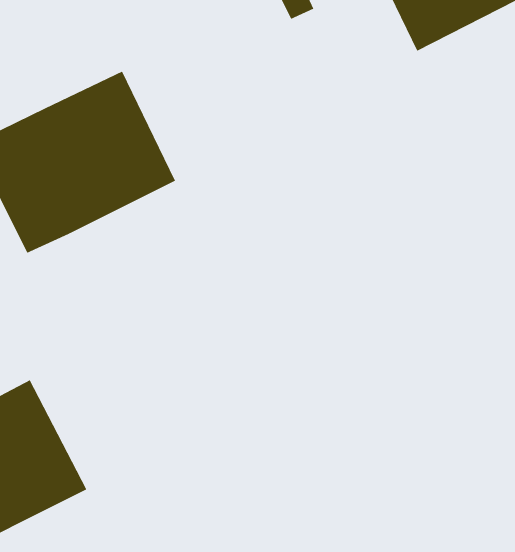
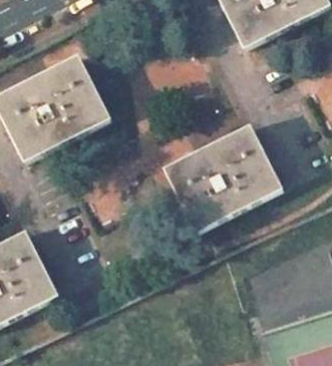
building: none -> [164,125,281,229]

